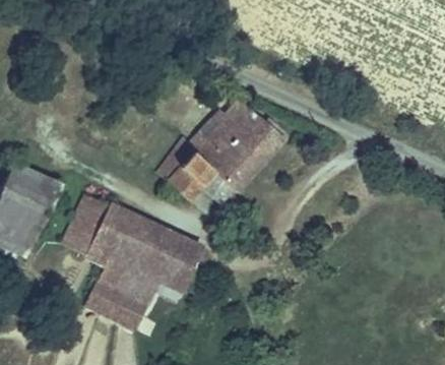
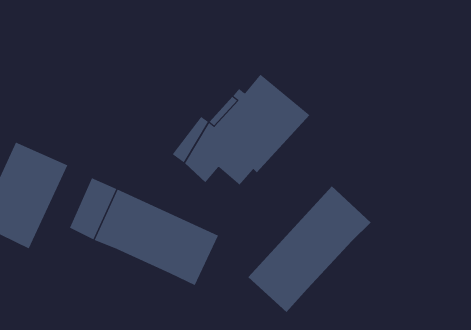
building: none -> [247,186,371,313]
building: [86,258,156,327] -> none

